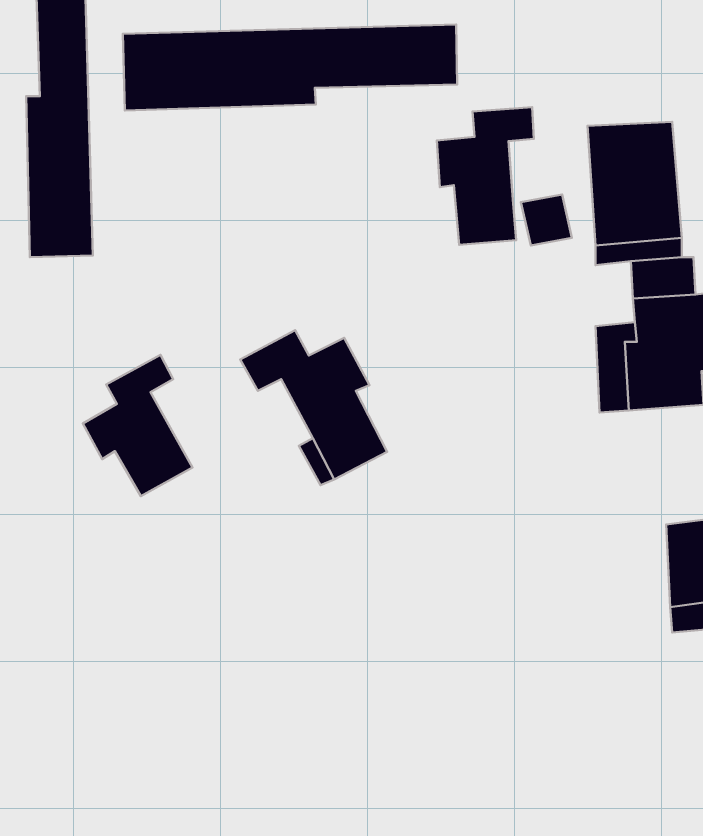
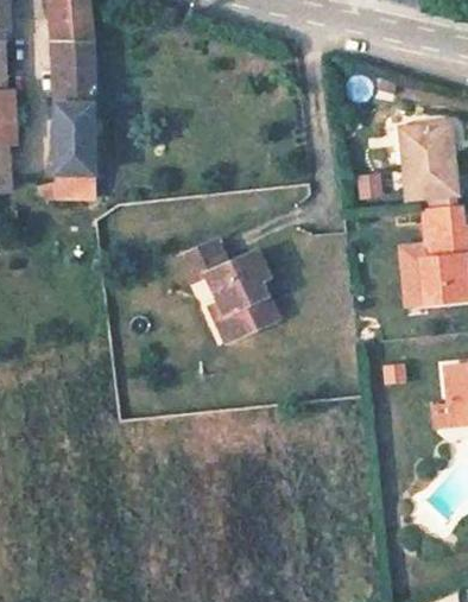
building: [123,24,457,111] -> none
building: [437,107,534,245] -> none
building: [83,355,192,496] -> none

